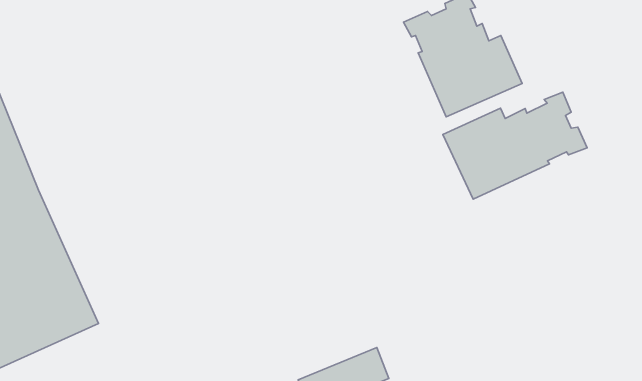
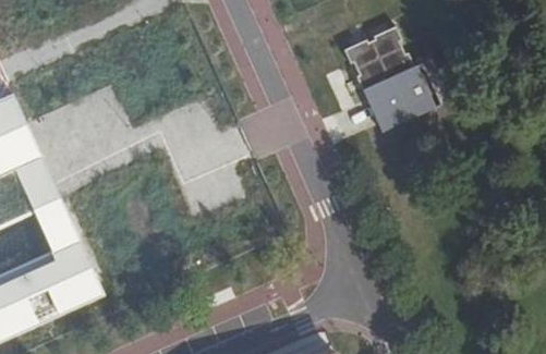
building: [443,92,587,199] -> none

